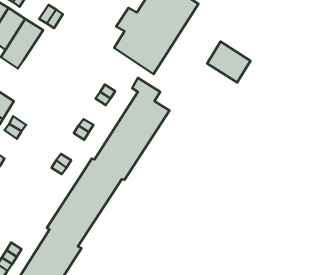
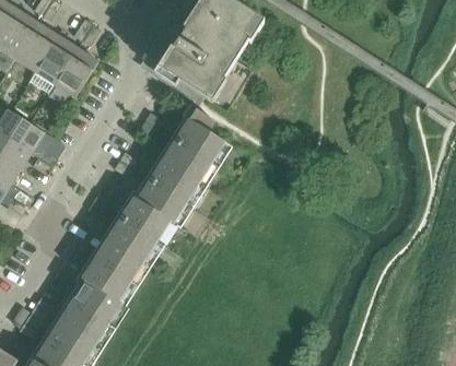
building: none -> [55,47,98,95]
building: [207,42,251,83] -> none

